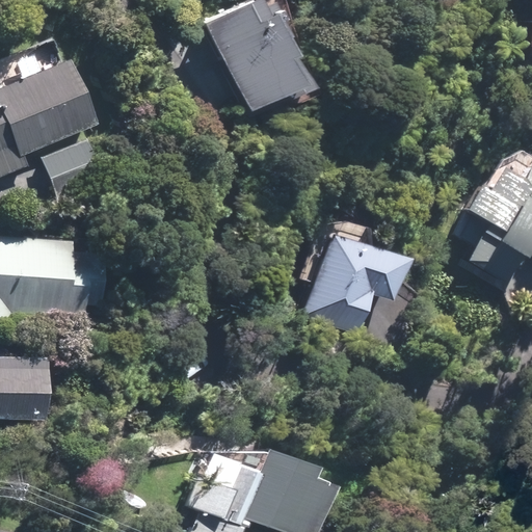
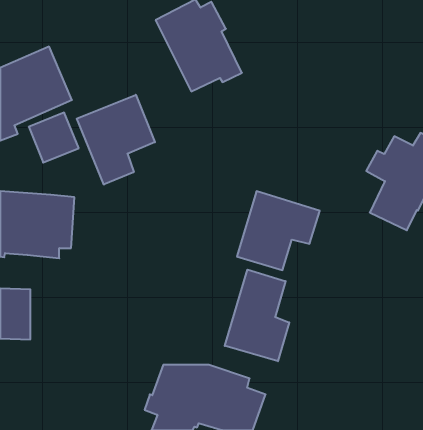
building: none -> [77,95,155,185]
building: none -> [225,270,289,361]

